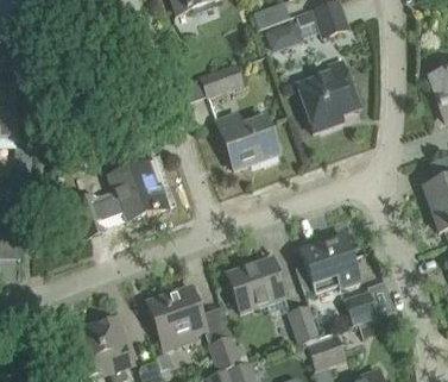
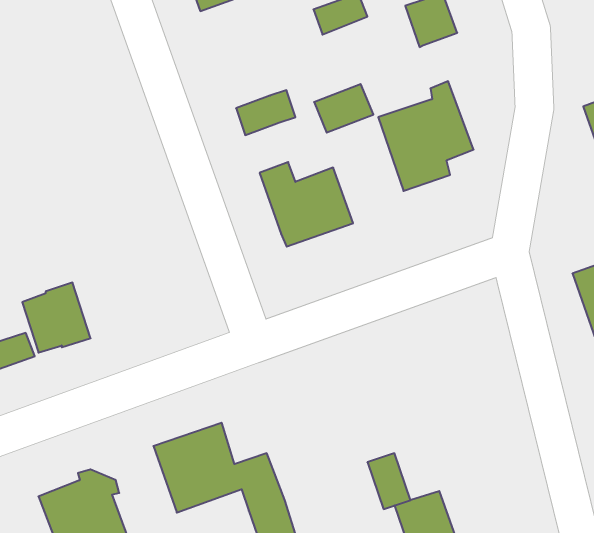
building: [264,18,303,50] -> [314,84,373,133]
building: [111,162,168,220] -> none
building: [299,232,360,290] -> none
building: [227,257,285,309] -> none
building: [345,290,378,324] -> none

